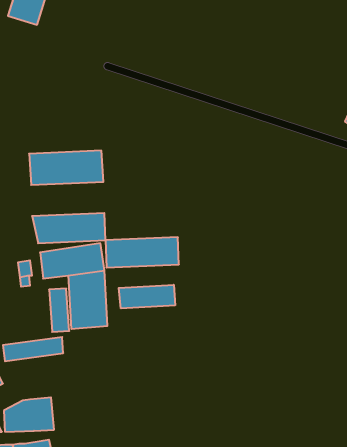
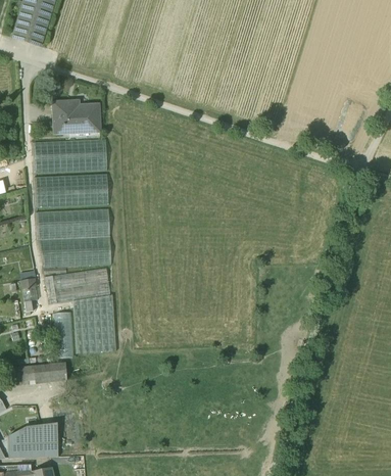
building: none -> [51,100,99,133]
building: none -> [32,138,106,171]
building: [105,237,179,268] -> [35,207,109,238]
building: [119,285,175,308] -> none

